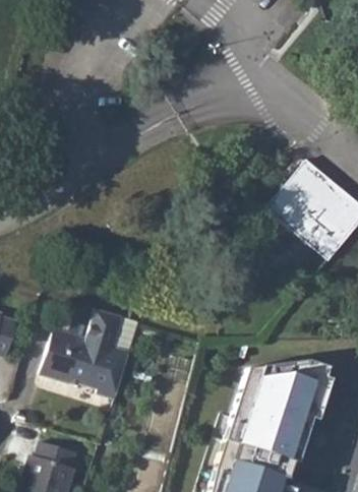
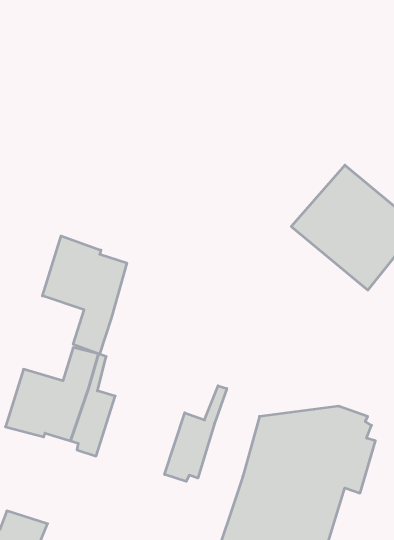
building: none -> [42,236,127,354]
building: none -> [165,386,227,481]

